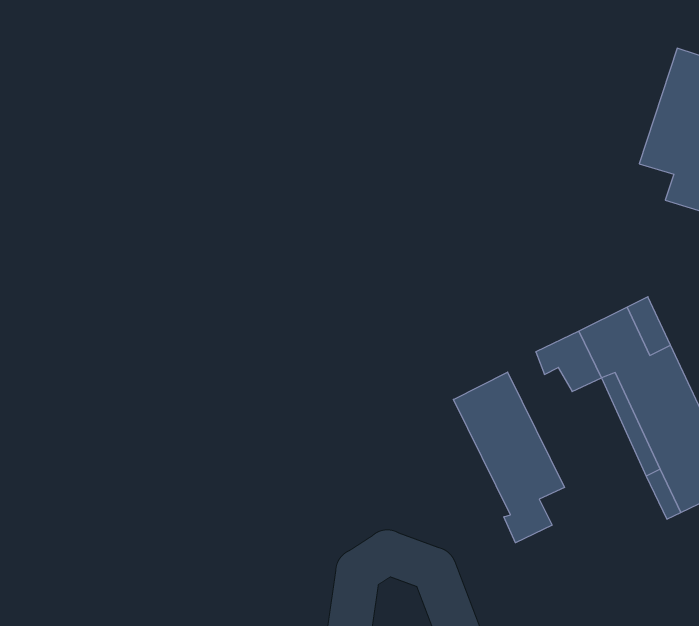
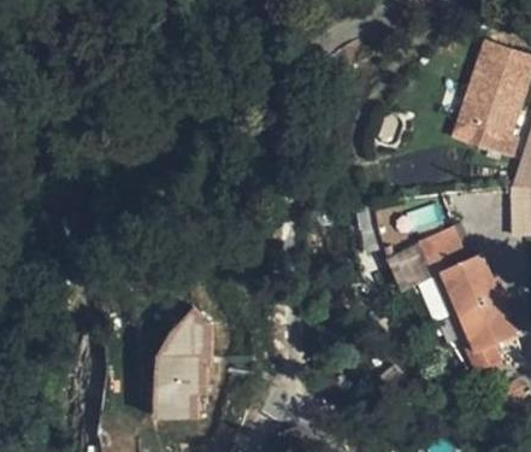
building: [453,372,565,543] -> none
building: none -> [147,310,206,424]

